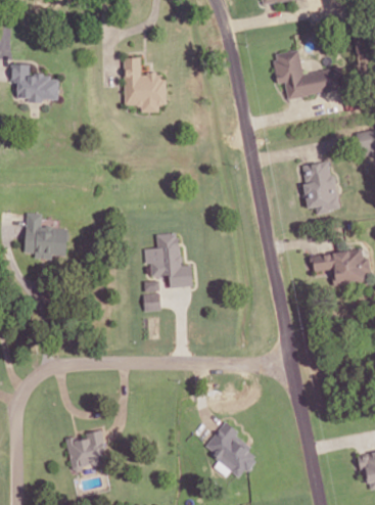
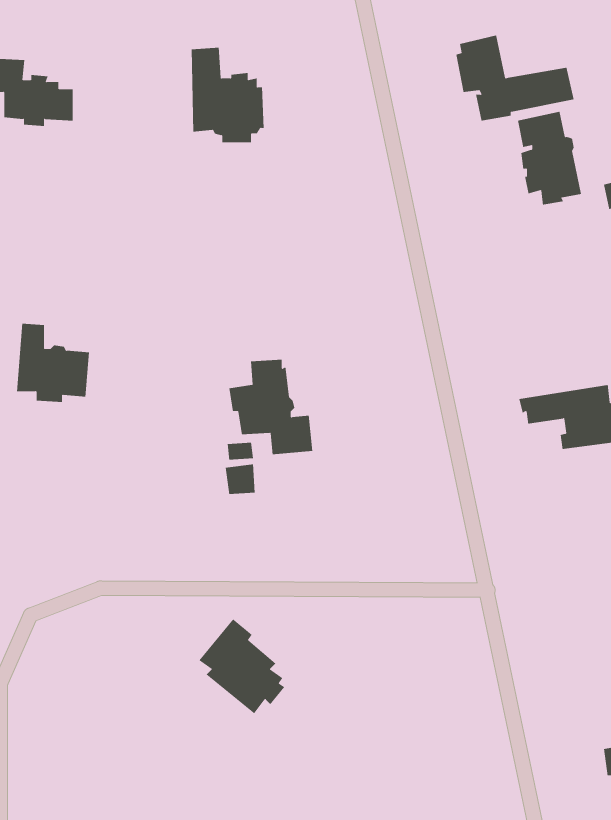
building: [302,162,339,215] -> [517,111,582,205]
building: [206,422,255,476] -> [199,619,285,714]
building: [65,429,106,471] -> none

